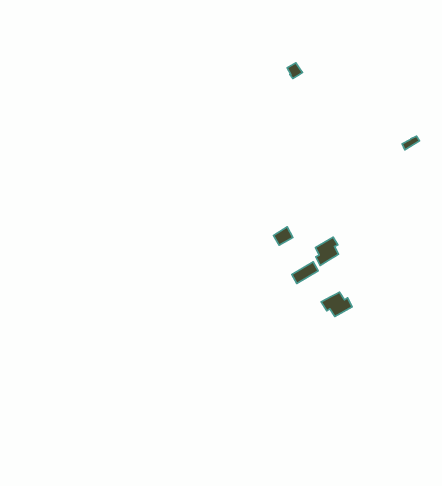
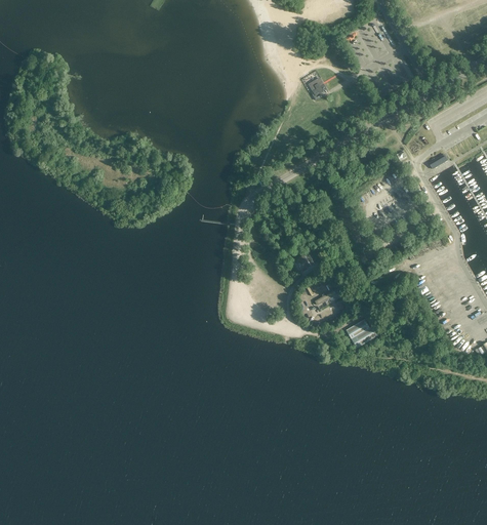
building: [315,237,338,265] -> none

